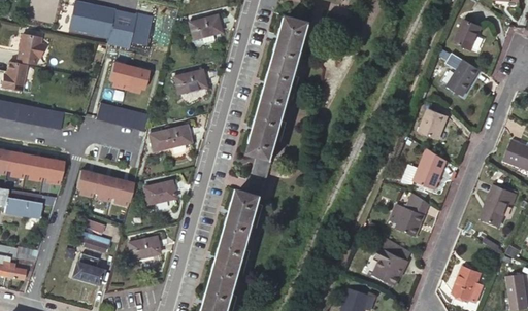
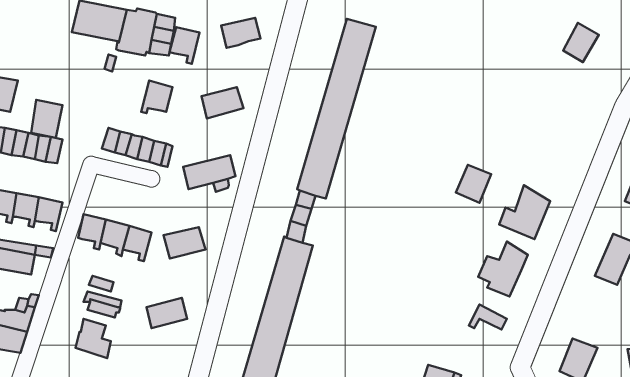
building: [18,35,42,65] -> [31,100,63,138]
building: [447,60,480,96] -> none
building: [106,62,130,91] -> [169,27,200,64]
building: [419,110,447,140] -> [456,165,491,203]
building: [373,253,407,285] -> none

